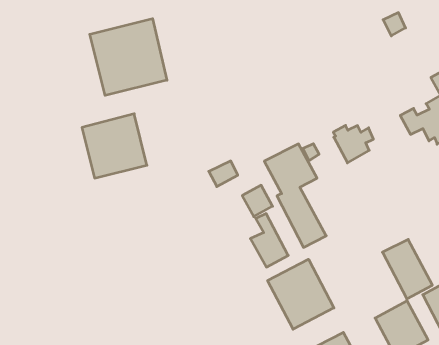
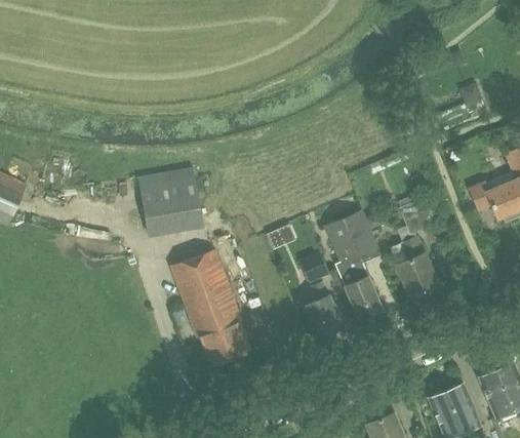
building: [90,19,167,95] -> none
building: none -> [170,249,250,367]
building: [382,239,432,299] -> [390,237,439,298]
building: [268,259,334,329] -> none

